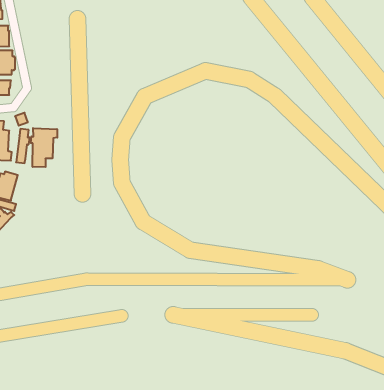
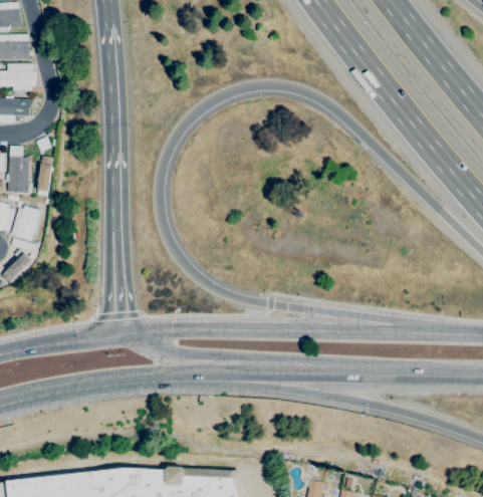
building: [31,128,57,167] -> none

